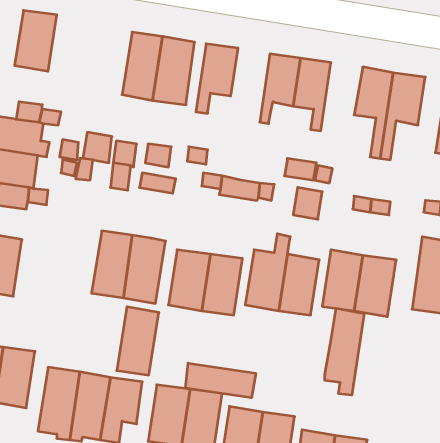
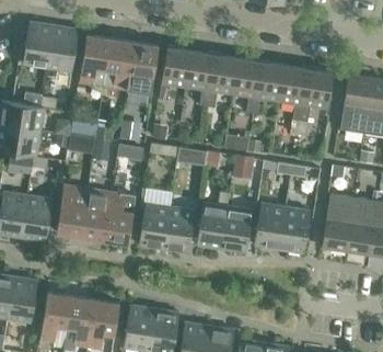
building: none -> [48,25,79,71]
building: none -> [80,34,112,86]
building: none -> [186,50,216,106]
building: none -> [254,61,286,114]
building: none -> [22,195,53,241]
building: [117,307,159,375] -> [57,184,89,236]
building: [325,308,364,395] -> none
building: [185,363,256,398] -> none

